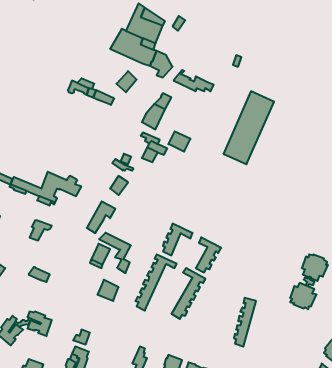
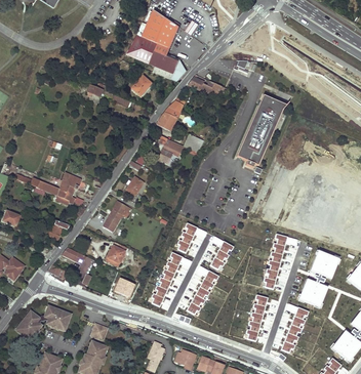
building: [99,233,131,273] -> [62,247,92,286]
building: none -> [264,234,296,289]
building: none -> [281,303,309,352]

